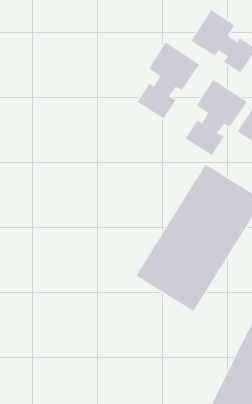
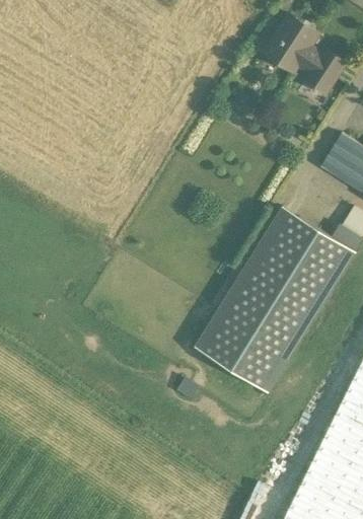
building: [137,42,200,119] -> none
building: [185,79,247,156] -> none

